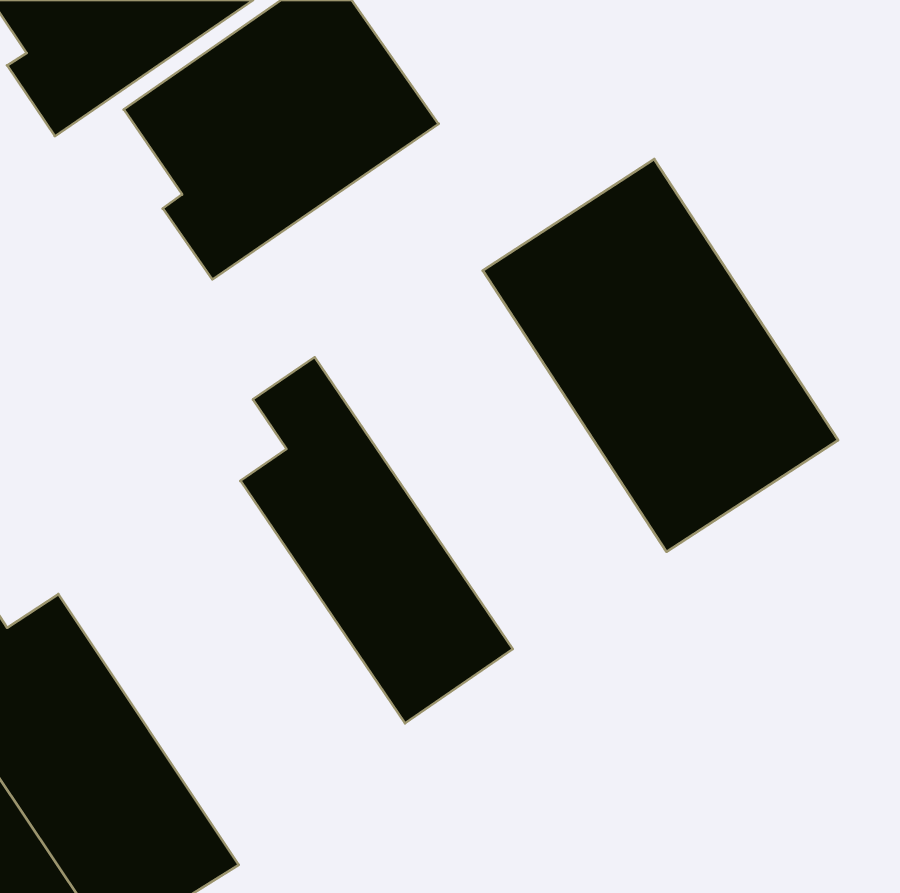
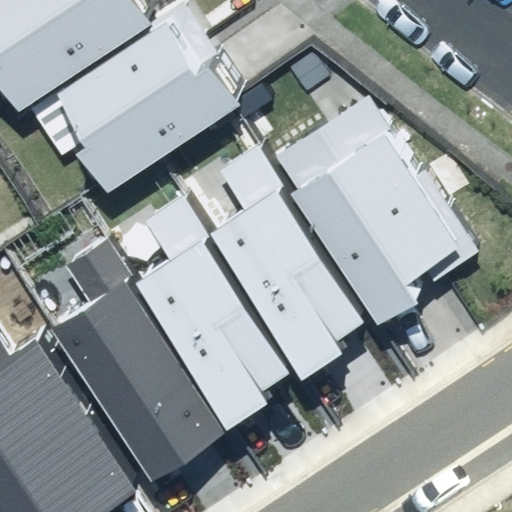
building: none -> [208,154,370,375]
building: none -> [51,264,217,483]

